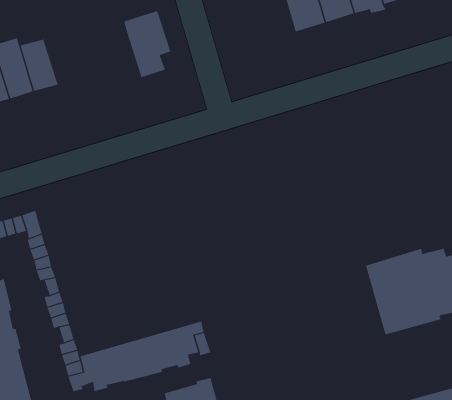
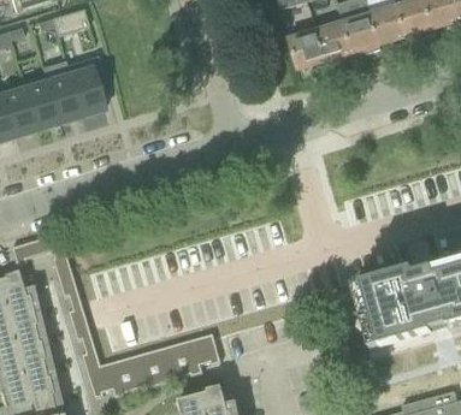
building: [124,11,171,78] -> [65,57,108,118]

